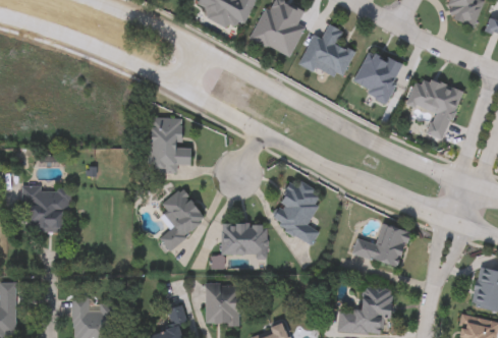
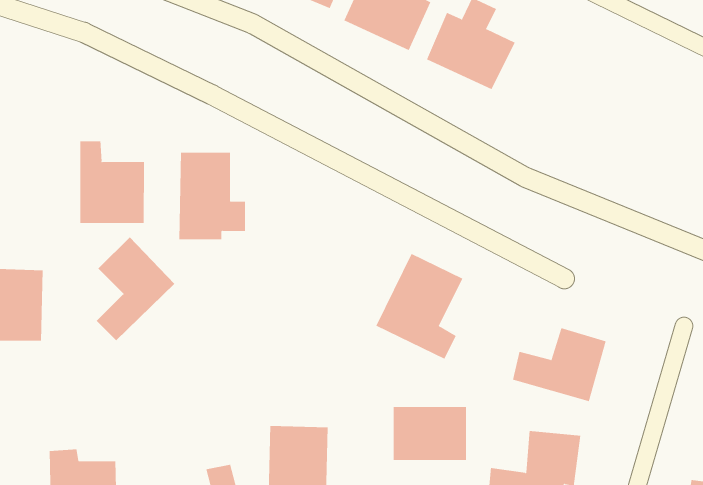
building: [351,46,405,102] -> none
building: [407,75,461,139] -> none
building: none -> [80,140,144,224]
building: [159,188,207,251] -> [96,237,175,341]
building: [222,224,267,257] -> [393,406,467,460]

